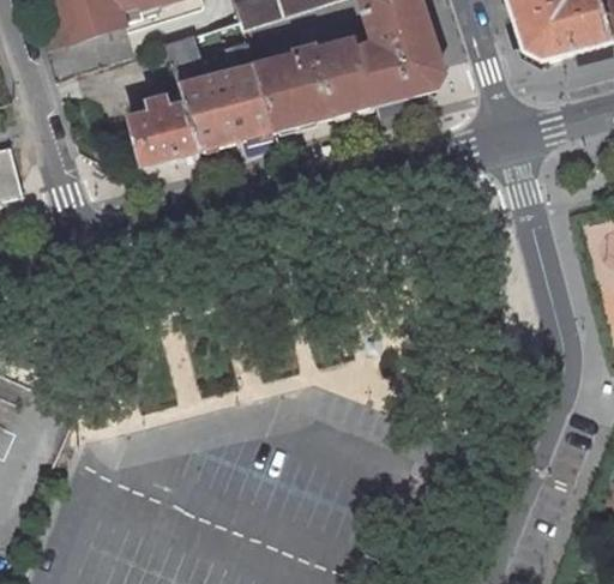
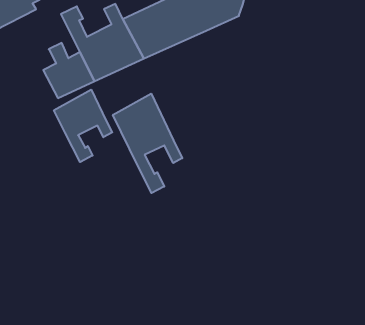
building: none -> [54,90,112,162]
building: none -> [113,94,182,193]

